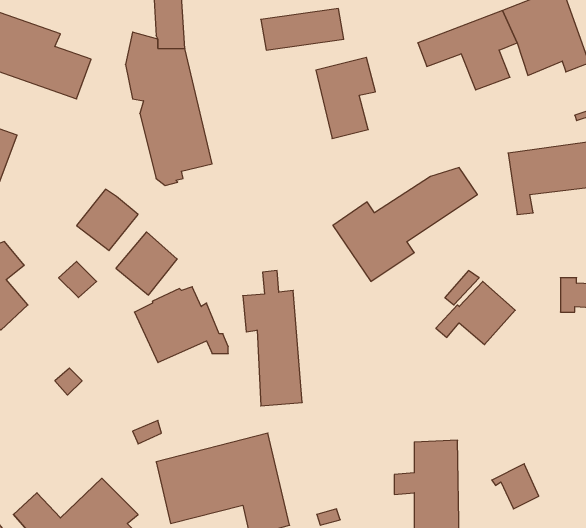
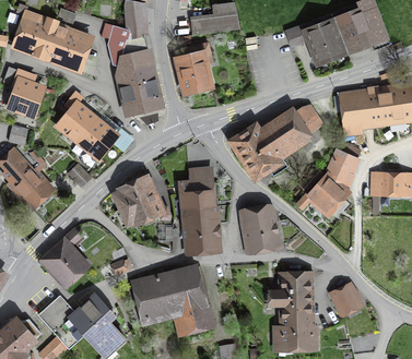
building: [316,57,375,139] -> [177,43,213,92]
building: [116,232,177,295] -> [59,104,96,142]
building: none -> [325,149,357,193]
building: none -> [243,205,276,250]
building: none -> [40,241,85,285]

